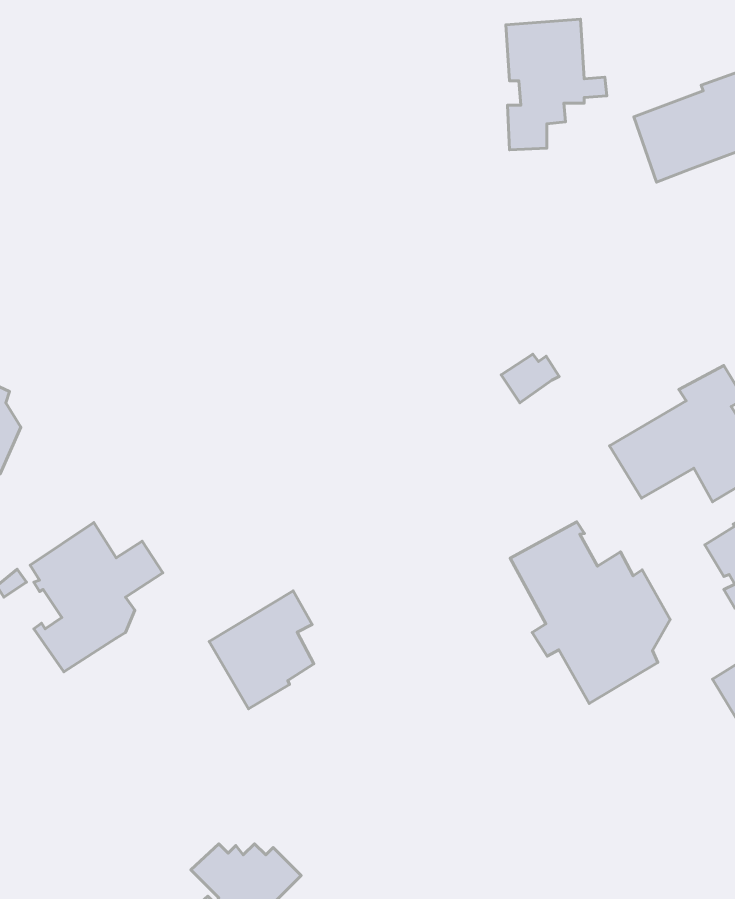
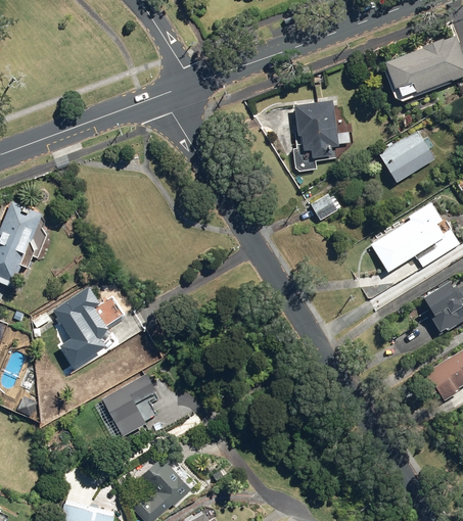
building: [506,19,607,150] -> [293,101,349,173]
building: none -> [378,131,434,183]
building: [510,522,670,704] -> none
building: [209,591,314,709] -> [100,373,157,437]

